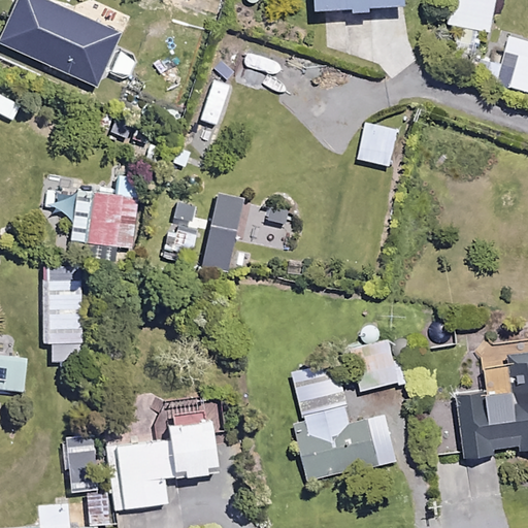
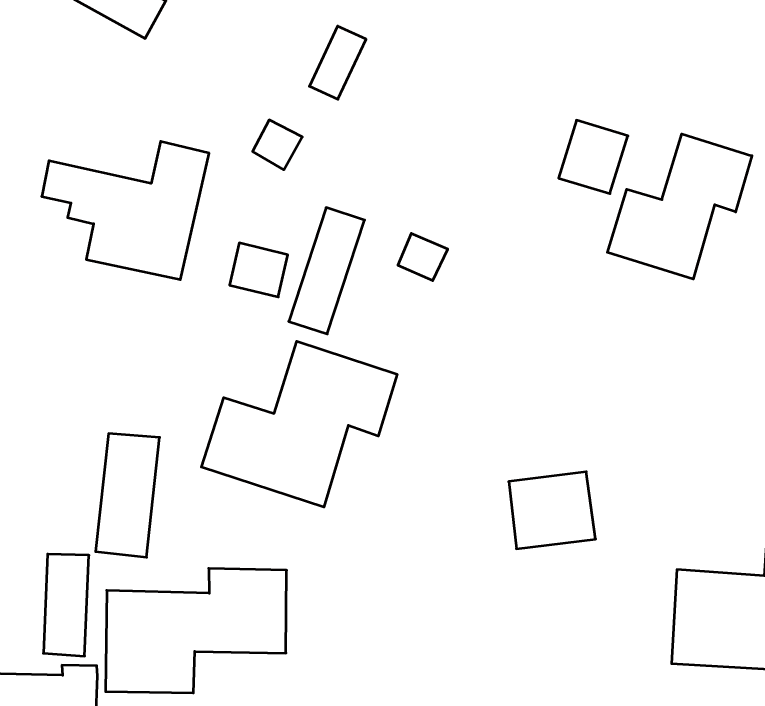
building: none -> [607,134,752,279]
building: [48,267,80,342] -> [96,434,160,557]
building: none -> [201,341,397,507]
building: [294,361,396,481] -> none

